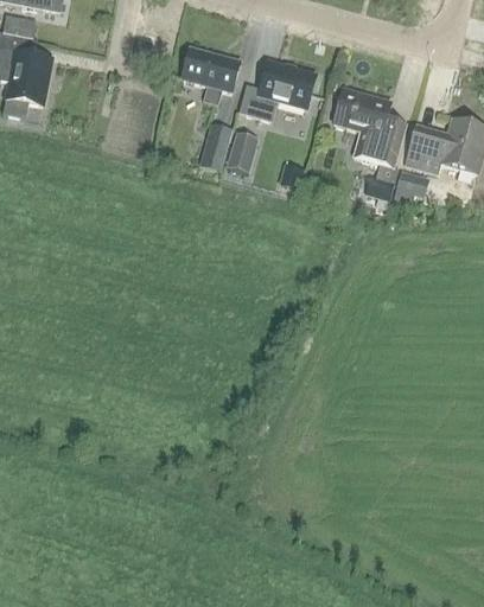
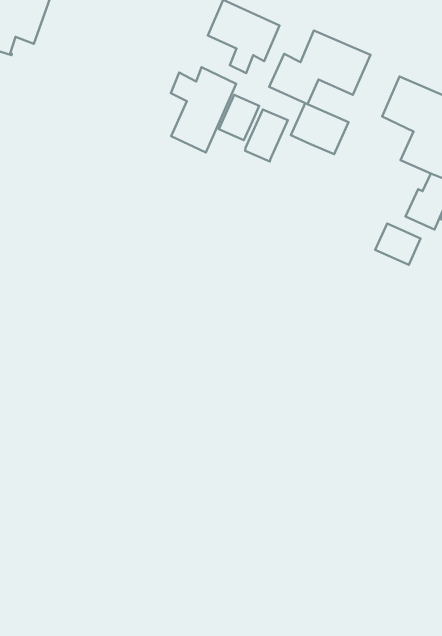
building: none -> [171,67,236,153]
building: none -> [291,103,349,154]
building: none -> [375,224,421,265]

